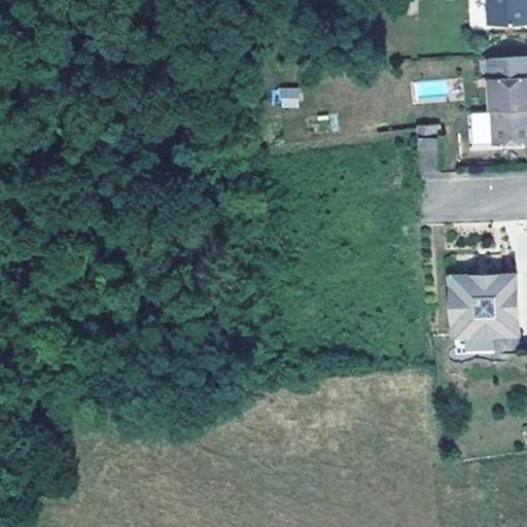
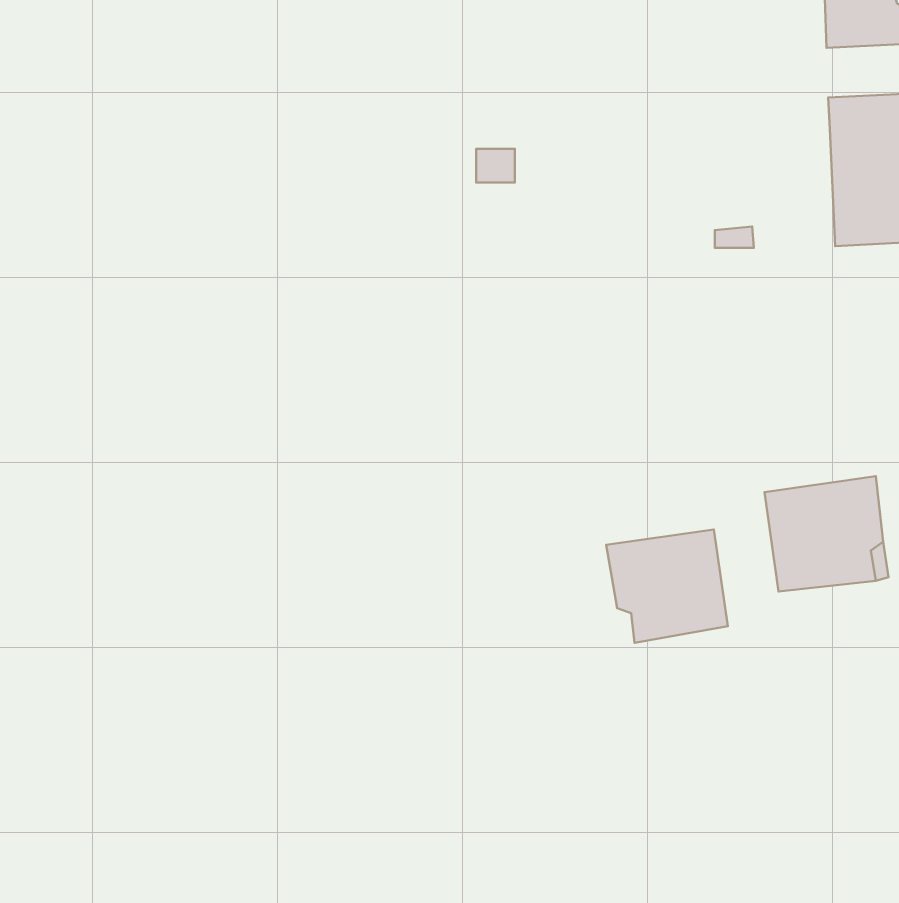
building: none -> [606,529,728,643]

